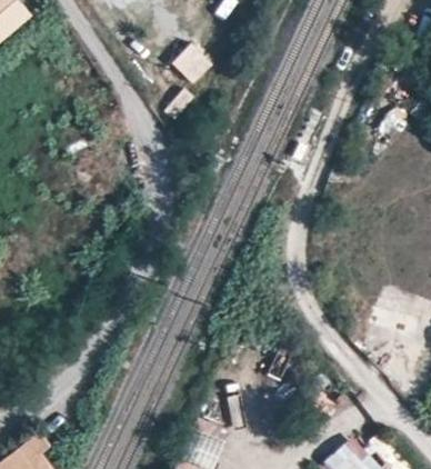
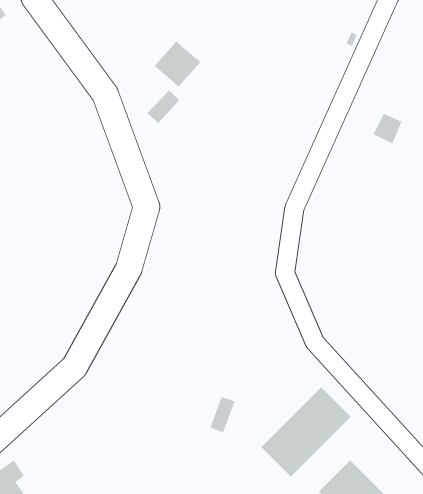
building: none -> [261,386,352,477]

